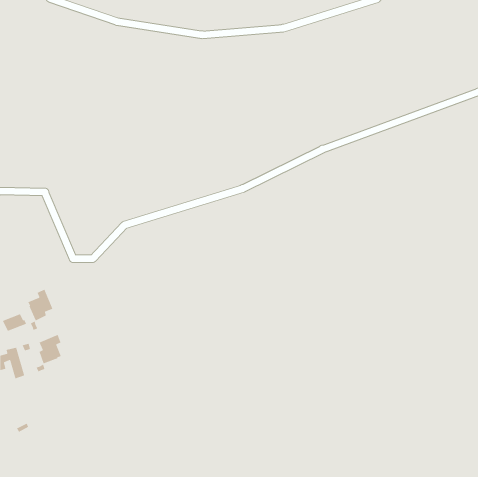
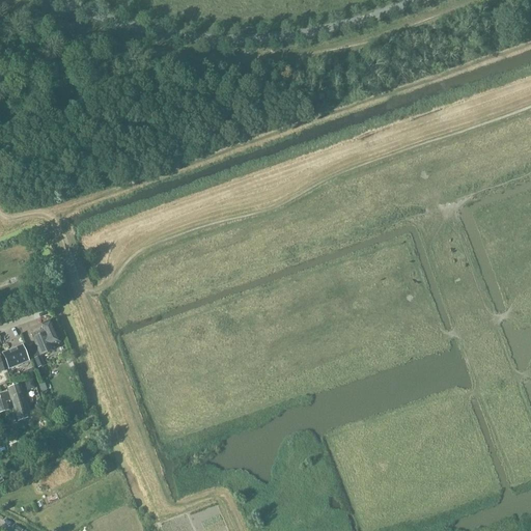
building: [36,334,62,373] -> none

